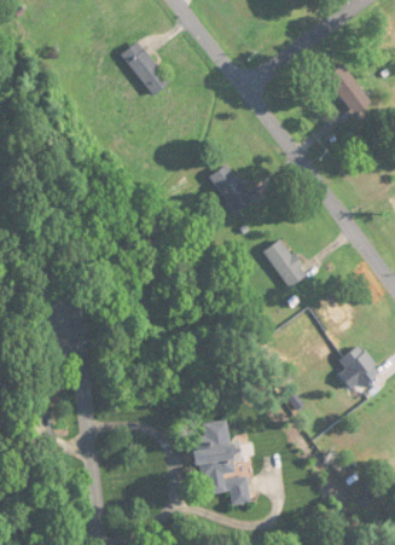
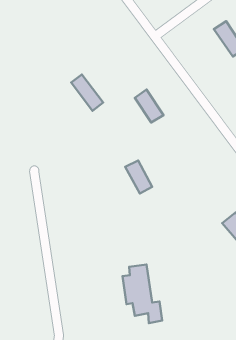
building: [122,42,169,95] -> [71,74,103,111]
building: [265,239,304,288] -> [125,160,152,193]

